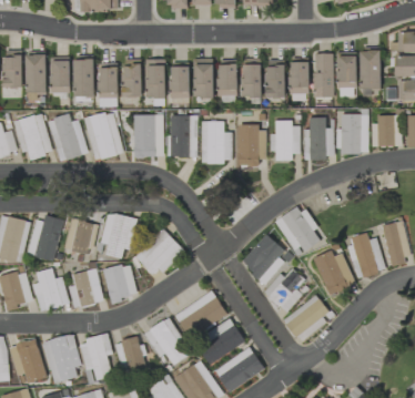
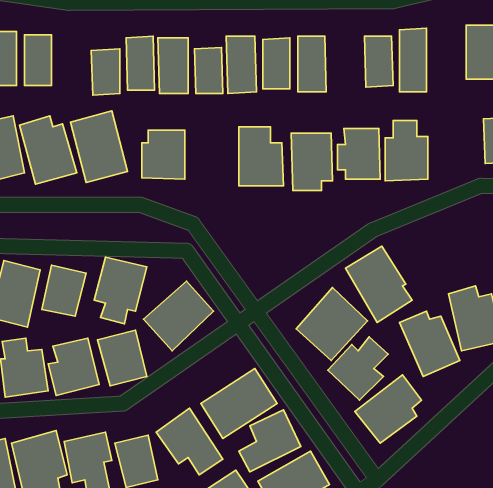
building: [336,53,355,89] -> none
building: [73,57,93,98] -> none
building: [265,60,285,99] -> none
building: [170,115,198,157] -> none
building: [337,115,367,154] -> none

